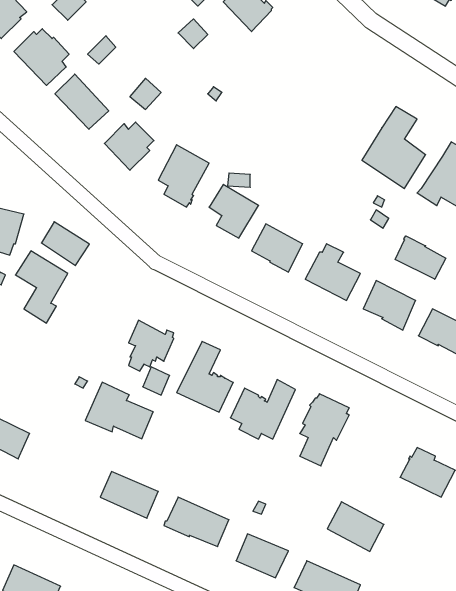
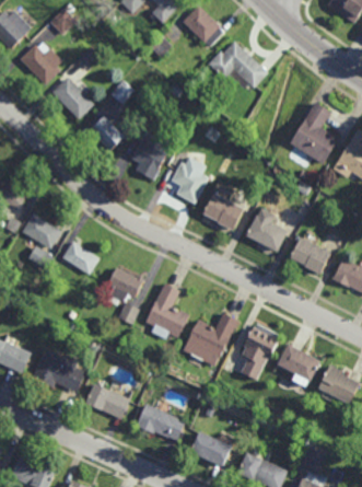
building: none -> [207,42,266,89]
building: [41,222,89,266] -> [61,241,98,275]
building: [395,236,446,279] -> none
building: [85,382,153,439] -> [32,349,84,393]
building: [327,502,384,551] -> [277,344,320,382]

